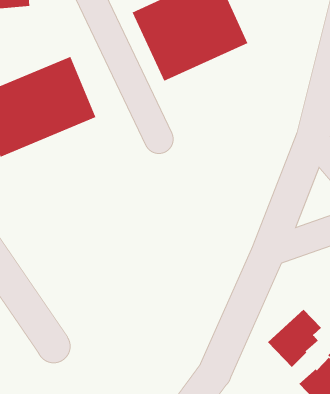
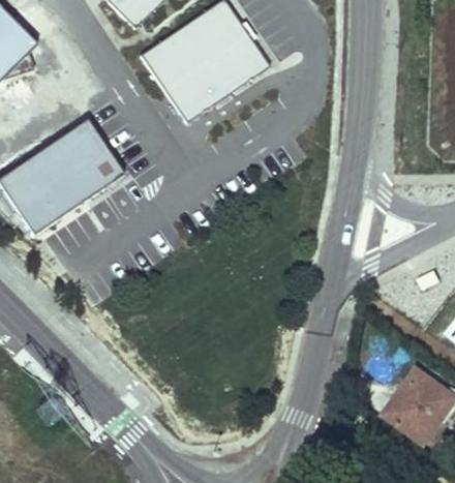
building: [267,309,322,368] -> none

